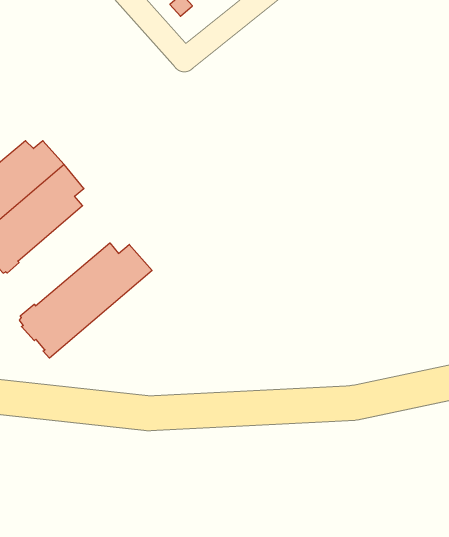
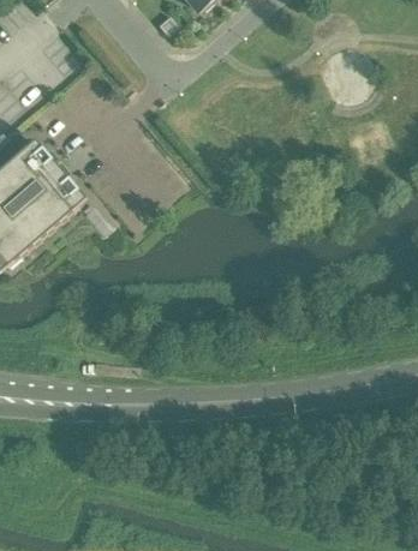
building: [20,243,152,358] -> none

